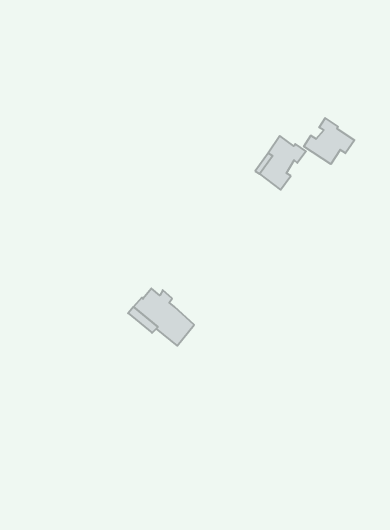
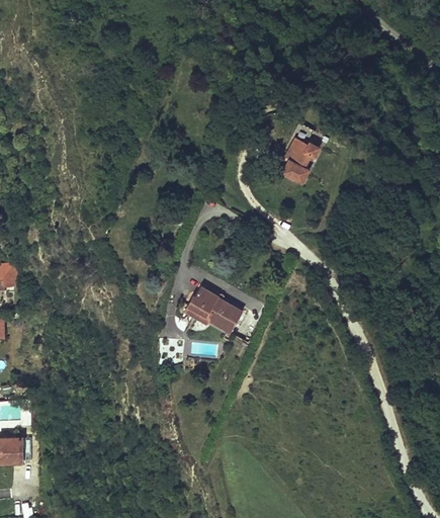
building: [304,118,354,164] -> none

